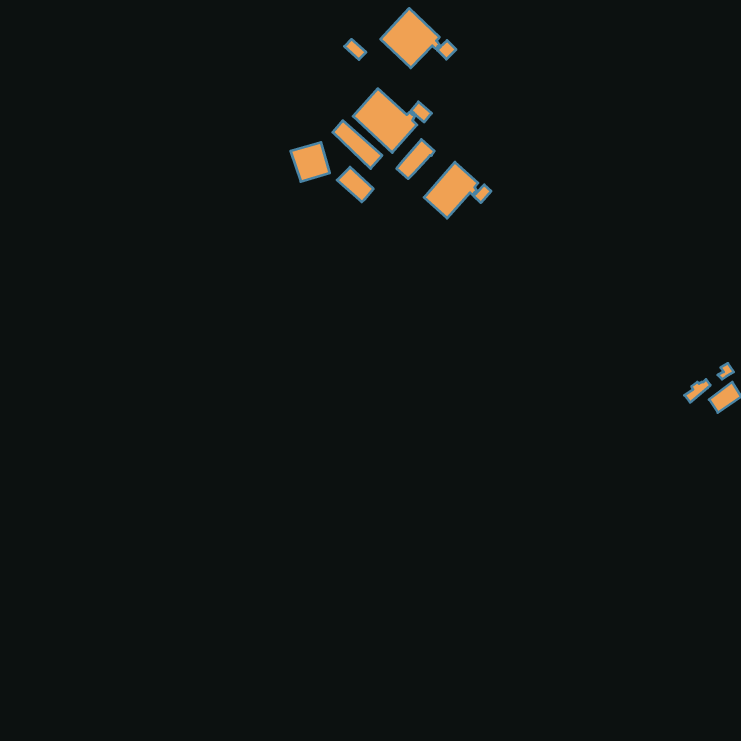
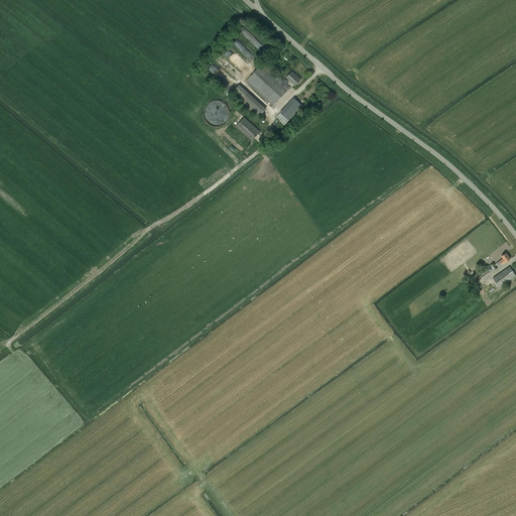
building: [381,8,456,68] -> none
building: [424,162,491,218] -> none

